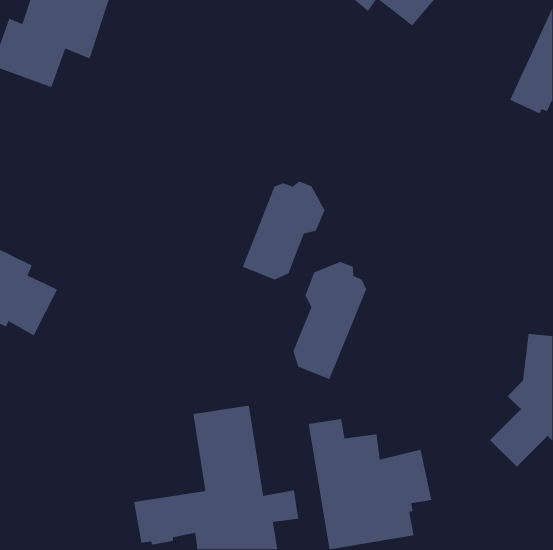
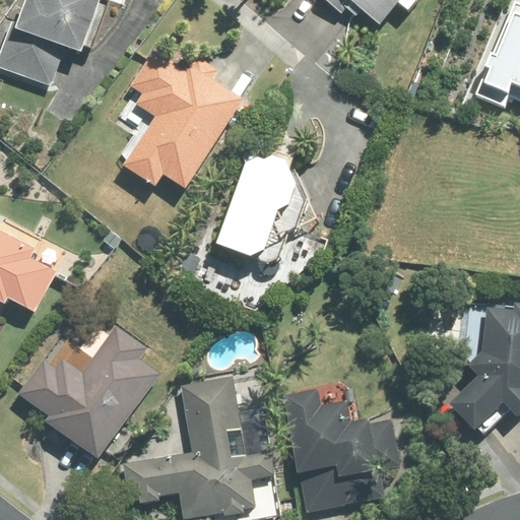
building: none -> [122,46,246,190]
building: [292,261,367,380] -> none
building: none -> [17,322,159,457]

